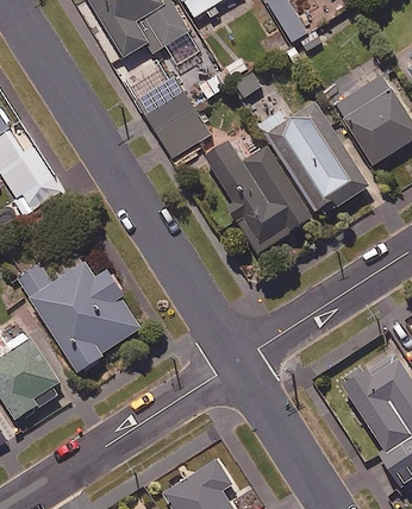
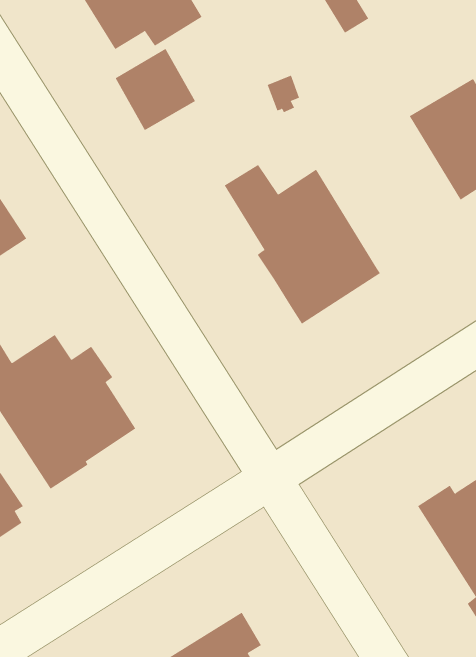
building: [145,92,208,156] -> none
building: [257,100,370,215] -> none

